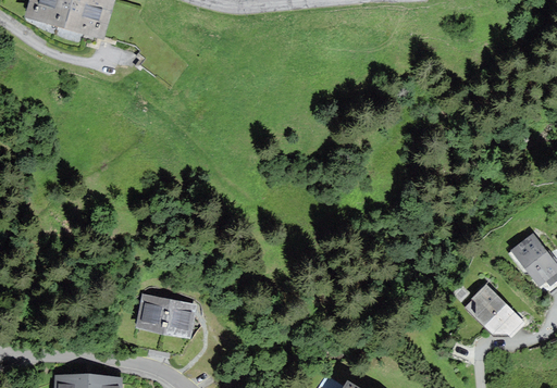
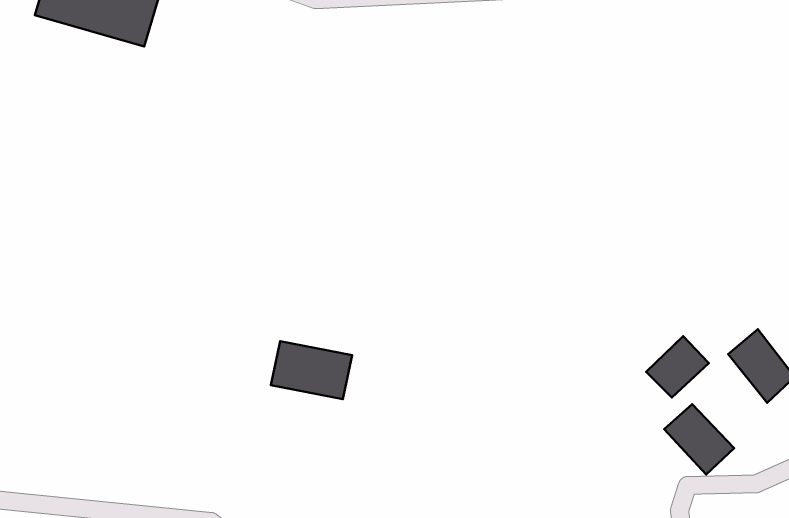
building: none -> [646,336,709,398]
building: [136,297,193,337] -> [271,341,352,399]

